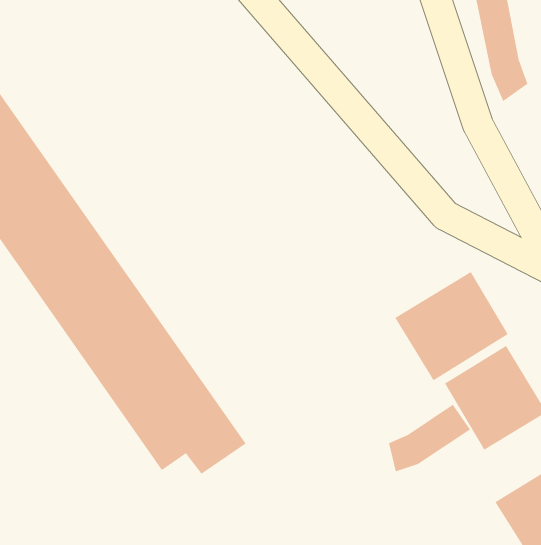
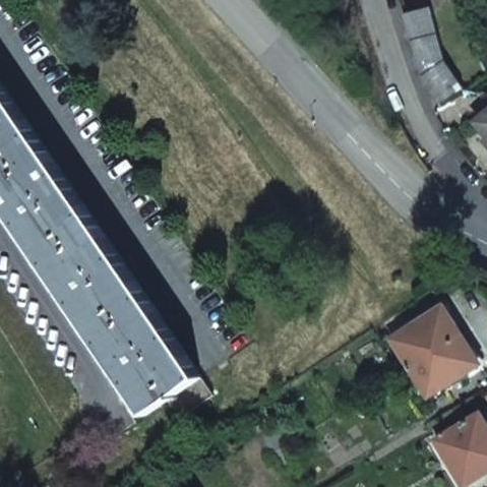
building: [395,271,508,381] -> none
building: [389,404,471,472] -> none

